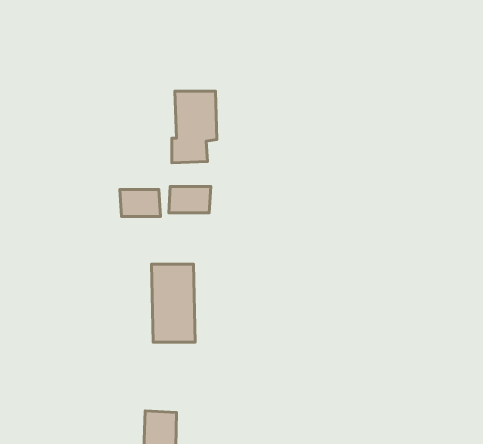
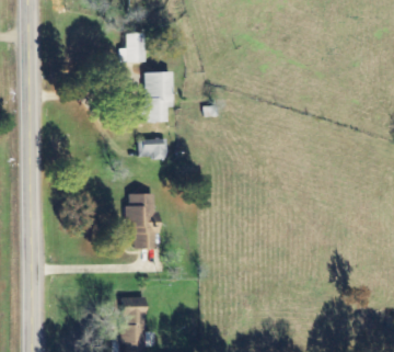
building: none -> [120,32,146,61]
building: [120,189,160,217] -> none

